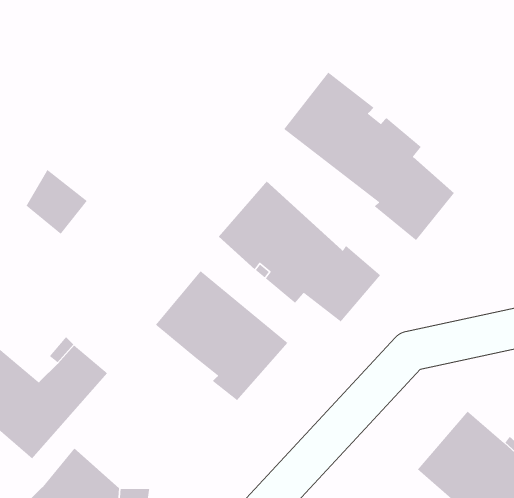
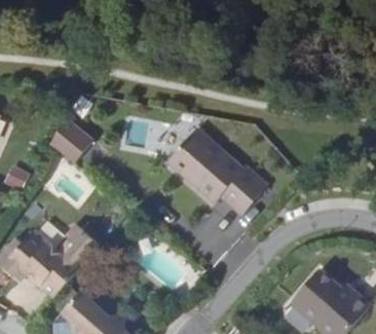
building: [283,71,455,241] -> none
building: [155,270,289,401] -> none

